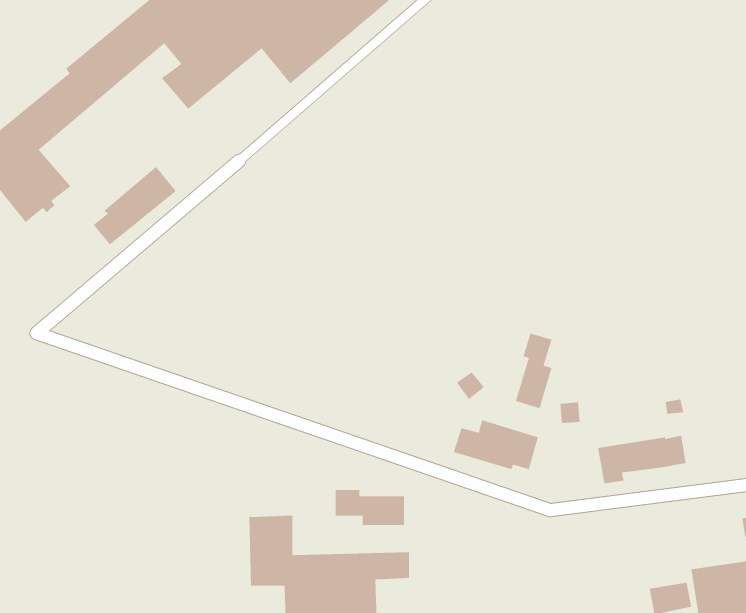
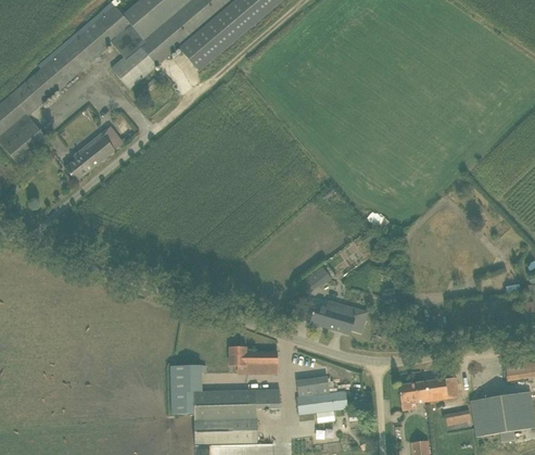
building: [515,332,553,409] -> none
building: [597,435,687,484] -> [398,376,459,409]
building: none -> [296,376,347,414]

